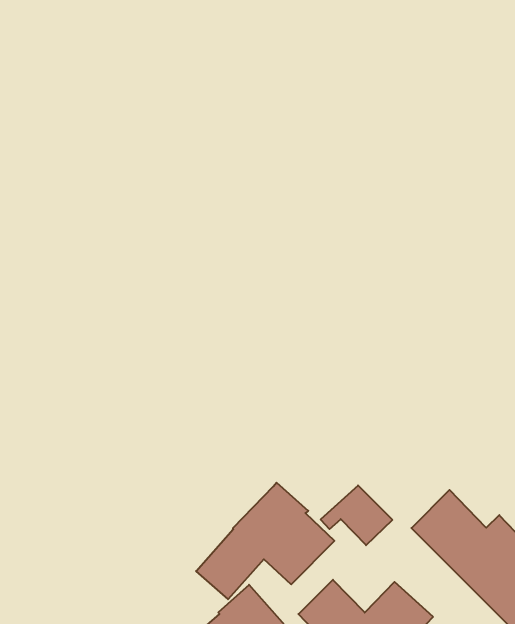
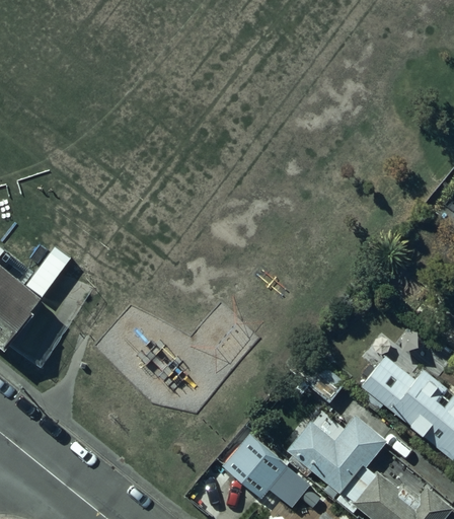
building: [196,483,334,599] -> none

